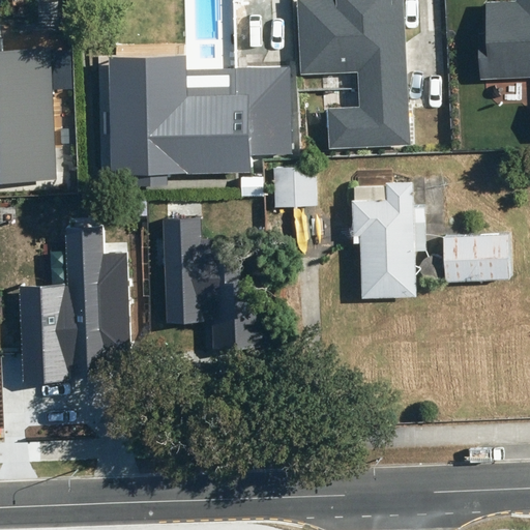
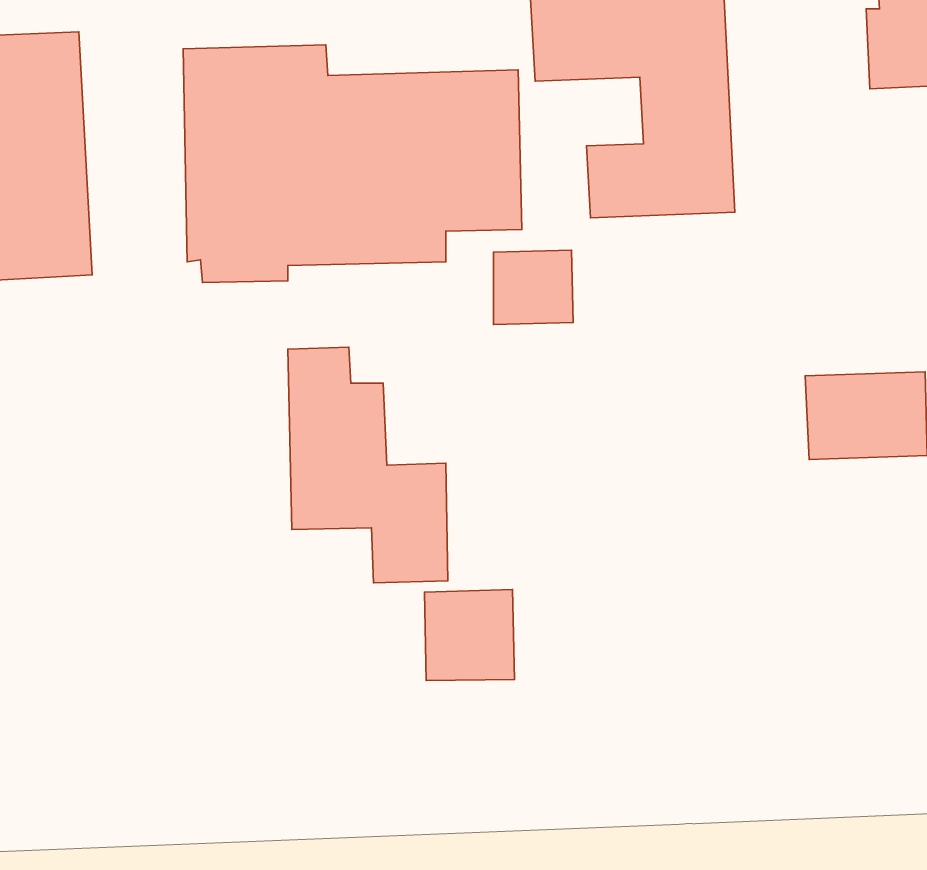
building: [354,179,418,296] -> none
building: [21,223,129,378] -> none
building: none -> [425,590,514,681]

